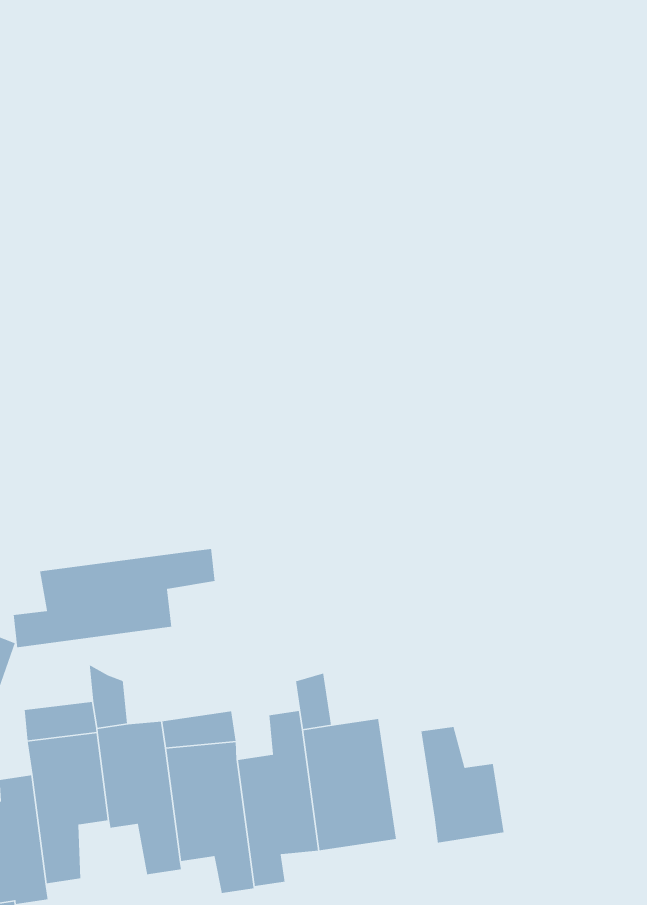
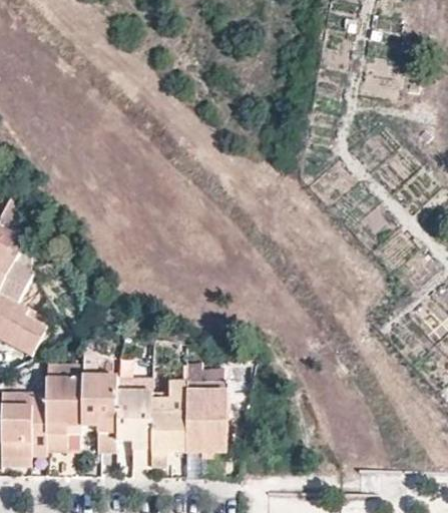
building: [13,548,216,648] -> none
building: [420,726,505,844] -> none

